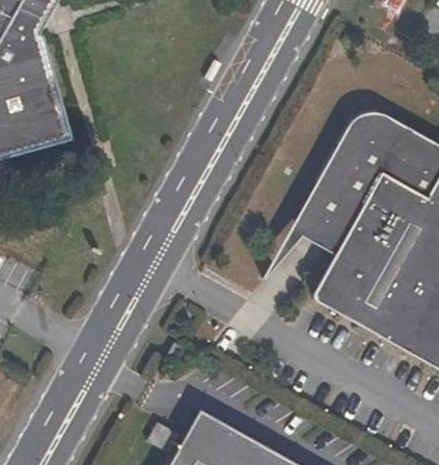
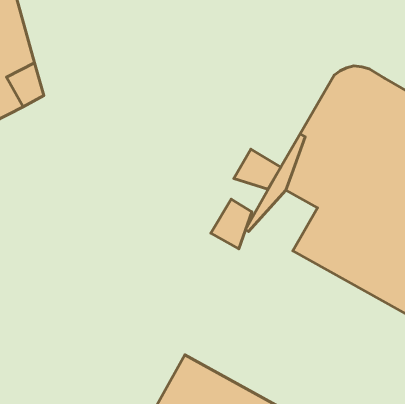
building: none -> [234,149,281,189]
building: none -> [211,199,252,249]

